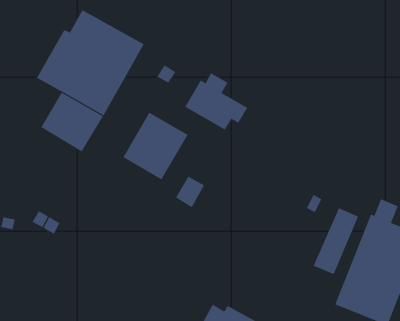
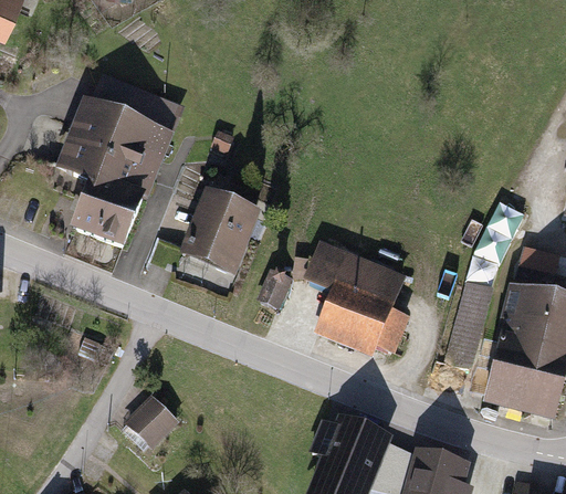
building: [185,73,248,131] -> none
building: none -> [305,239,412,354]
building: none -> [125,393,180,449]

